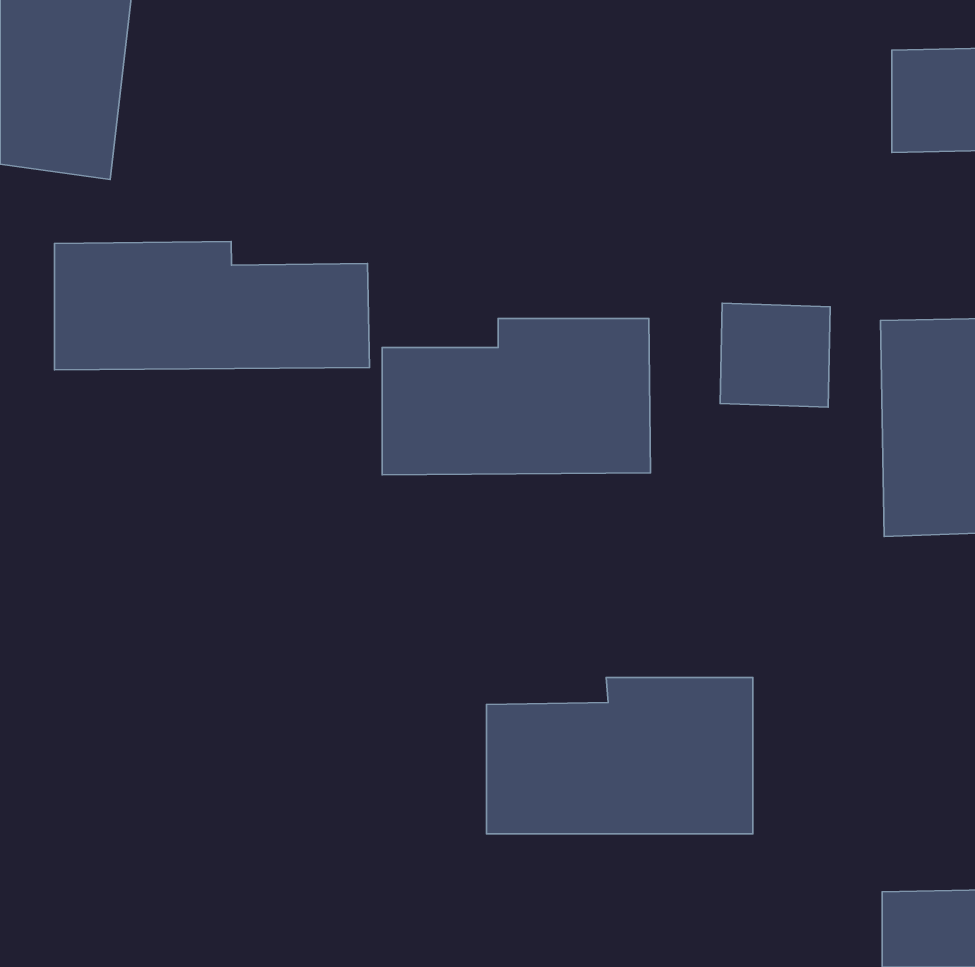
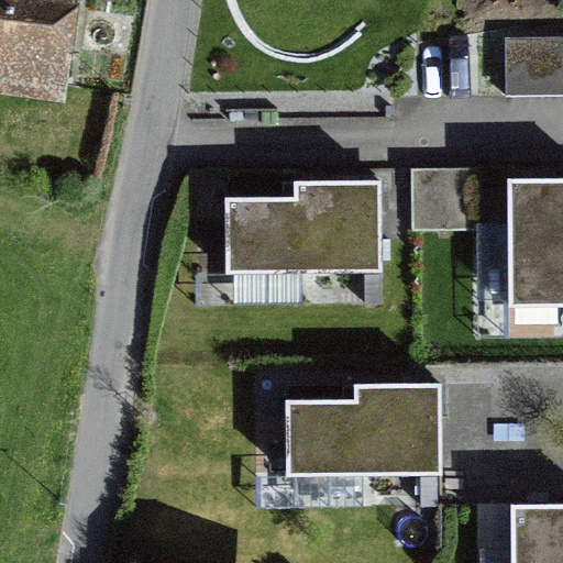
building: [54,241,369,370] -> none

